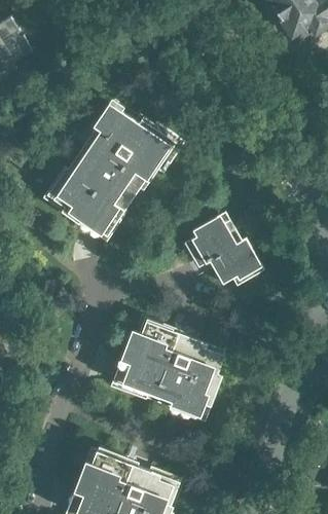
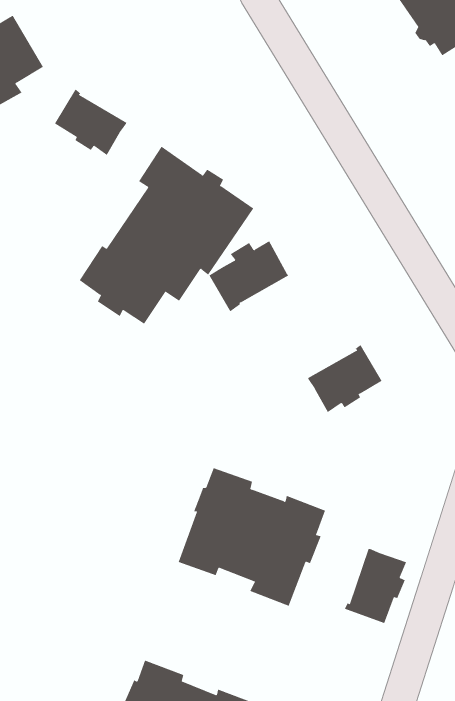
building: none -> [54,89,127,156]
building: [186,219,241,267] -> [208,241,289,312]
building: none -> [344,548,407,624]

